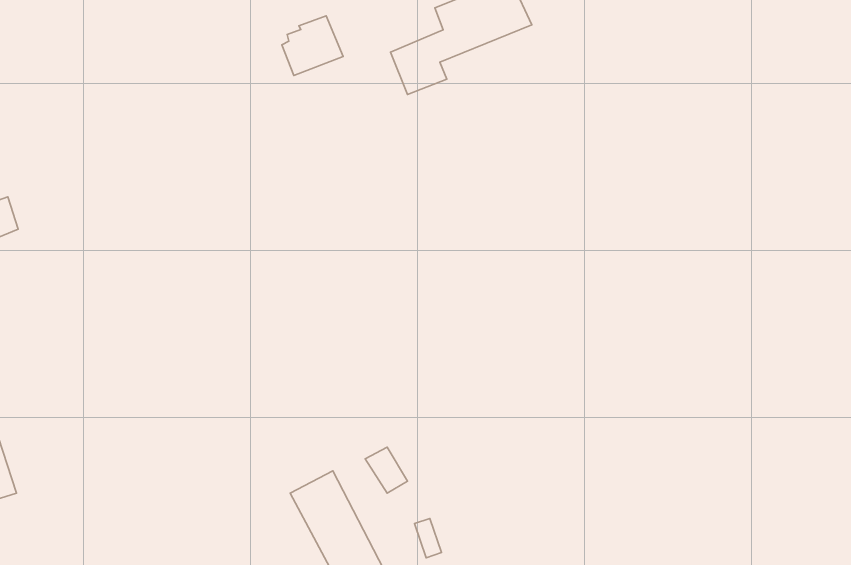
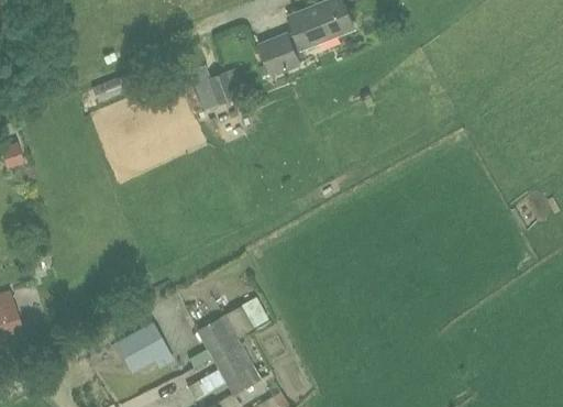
building: [282,16,343,75] -> [196,70,235,109]
building: none -> [118,321,174,370]

